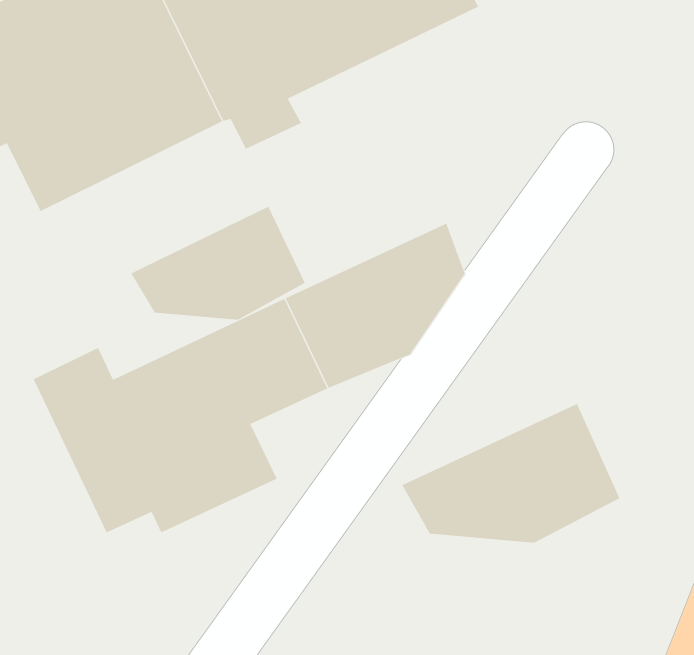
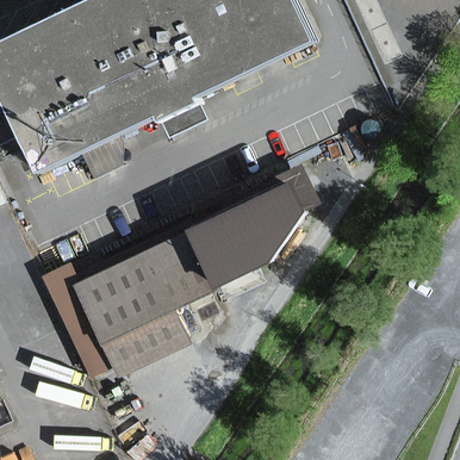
building: [131,206,305,320] -> none
building: [401,403,620,544] -> none

